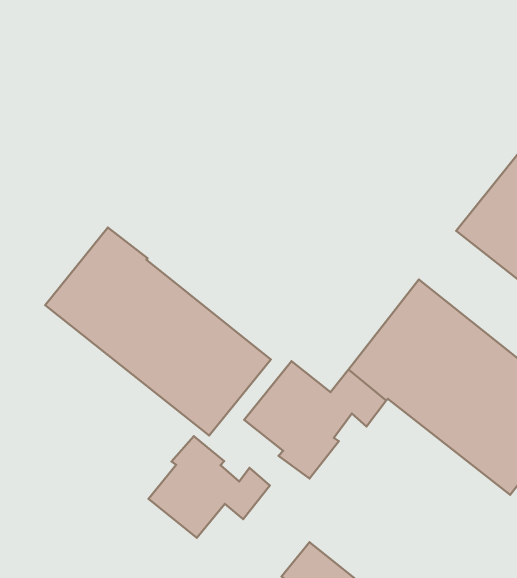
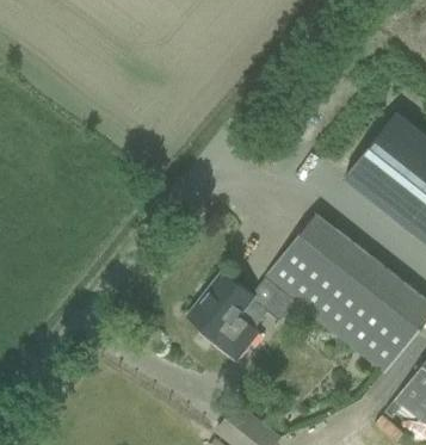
building: [45,228,271,435] -> none
building: [148,436,270,538] -> none

